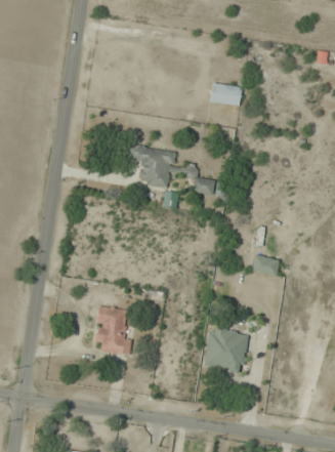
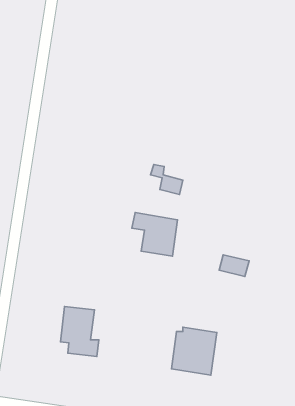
building: [211,82,242,106] -> none
building: [130,145,175,188] -> [132,213,178,256]

